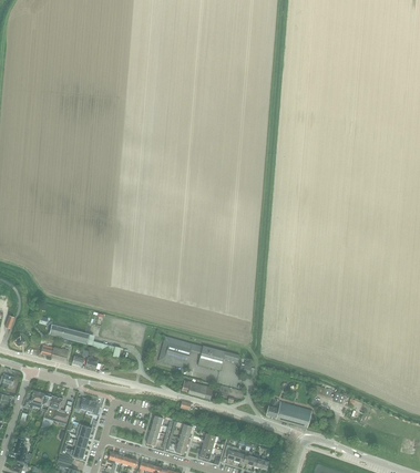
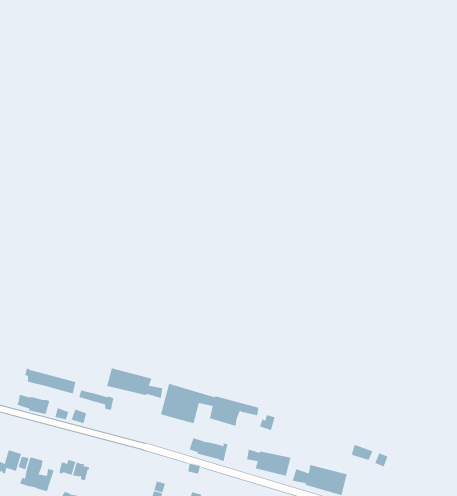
building: none -> [106,367,163,399]
building: none -> [247,449,291,477]

